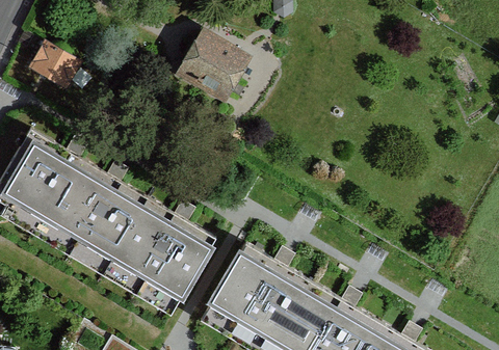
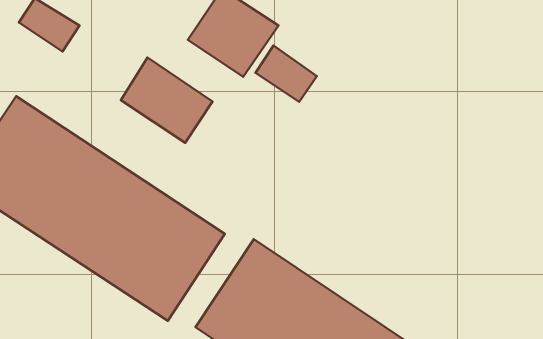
building: none -> [255,45,317,102]
building: none -> [121,58,213,143]

